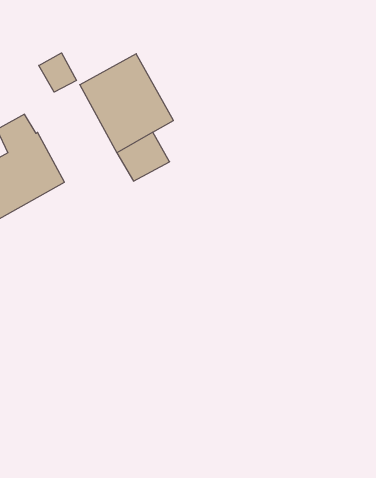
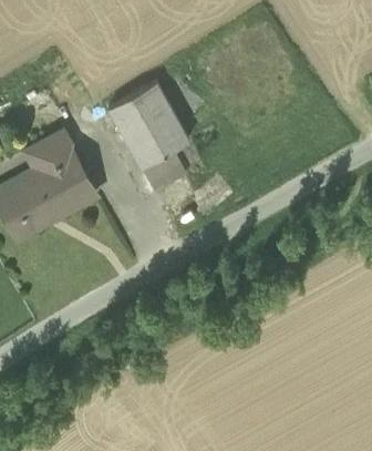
building: [39,53,76,92] -> none

